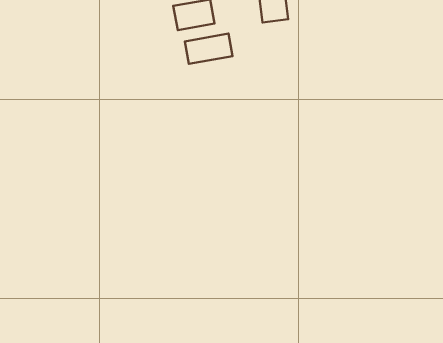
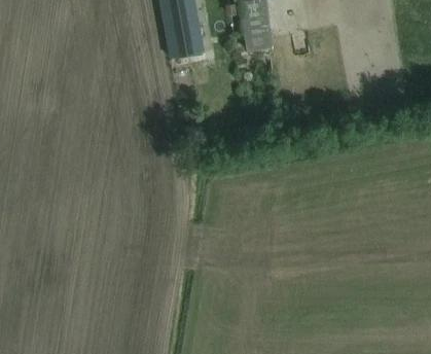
building: [185,34,233,64] -> none

